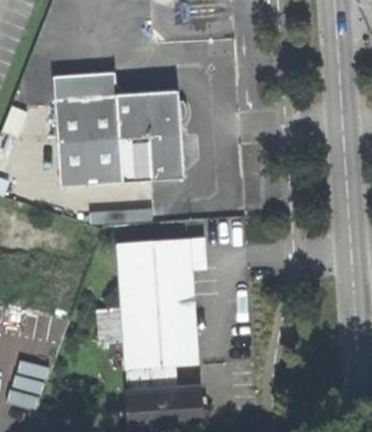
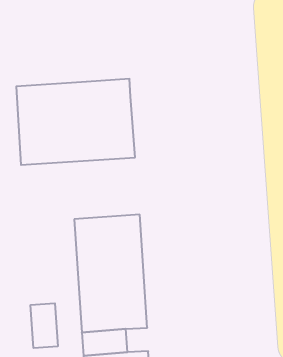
building: [53,69,131,99] -> none
building: none -> [31,303,58,348]

